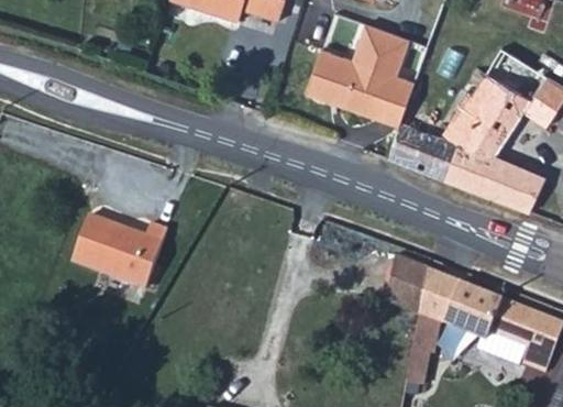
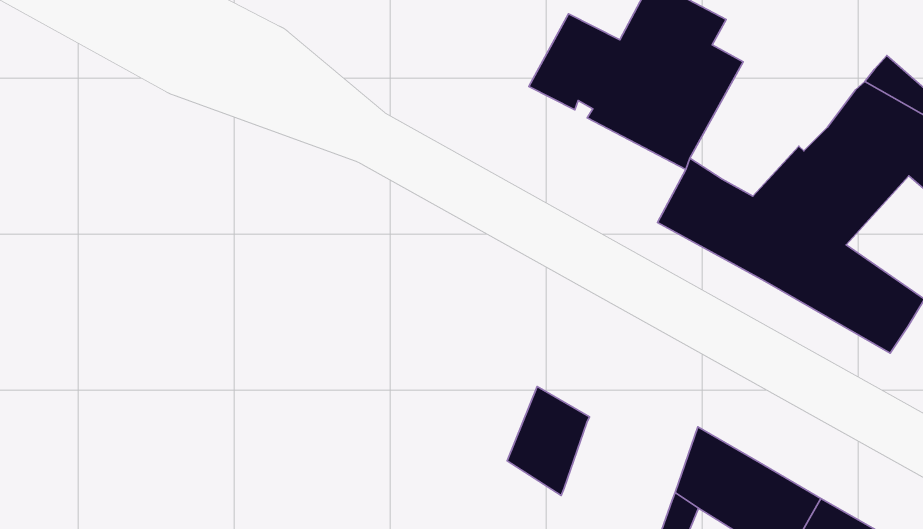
building: [71,211,166,283] -> none
building: [387,254,429,312] -> [507,387,590,495]

